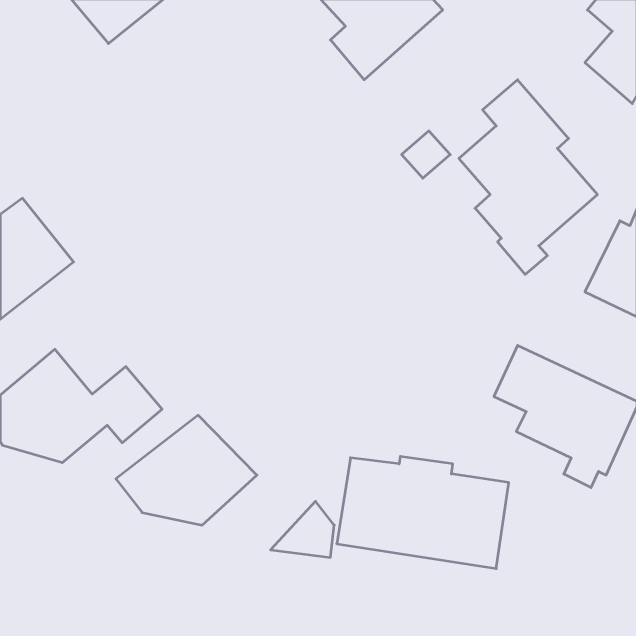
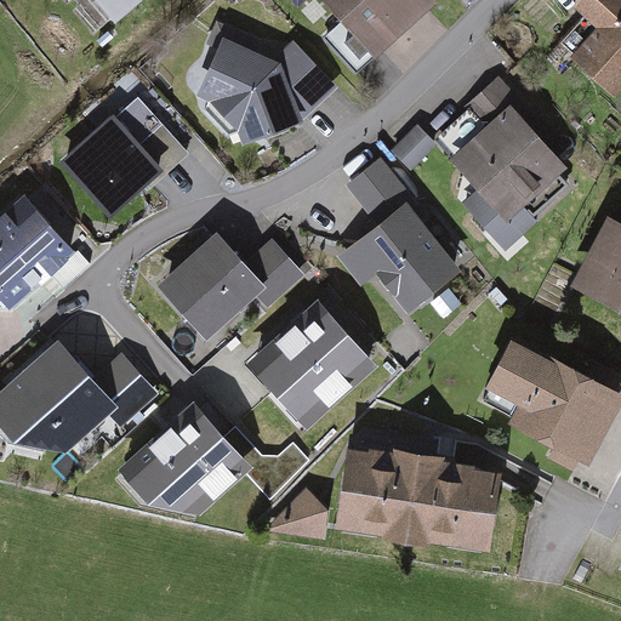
building: none -> [196,25,338,146]
building: none -> [58,72,186,218]
building: none -> [337,160,460,313]
building: none -> [155,233,307,340]
building: none -> [247,297,375,423]

